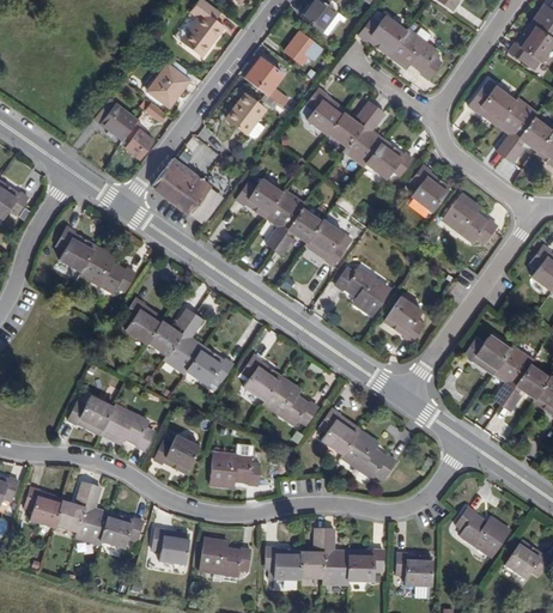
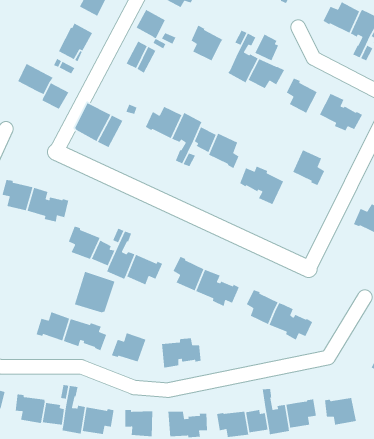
building: [328,110,359,145] -> [254,33,279,62]
building: [383,295,423,341] -> [292,149,325,186]
building: none -> [74,271,115,313]

